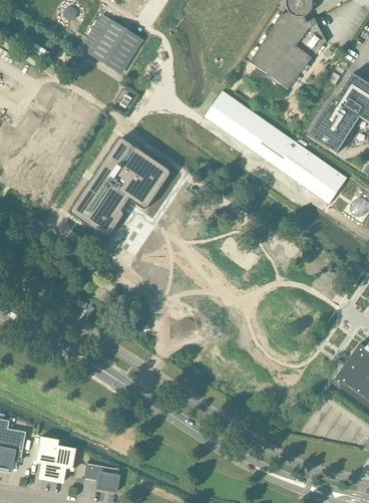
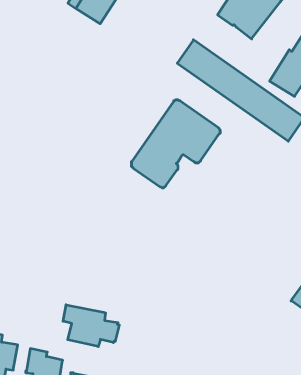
building: [71,139,170,237] -> [131,100,220,188]
building: none -> [63,305,119,347]

